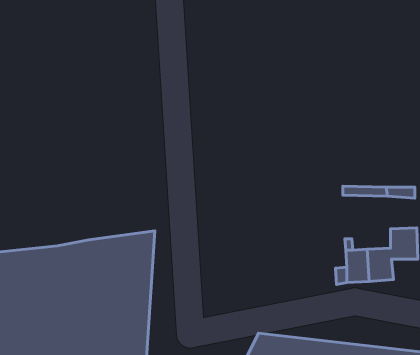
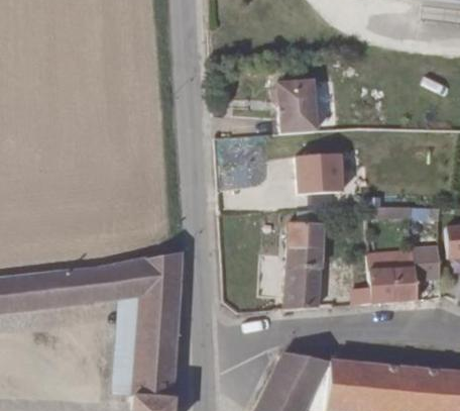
building: none -> [272,80,316,132]
building: none -> [290,153,342,195]
building: none -> [289,222,325,309]

